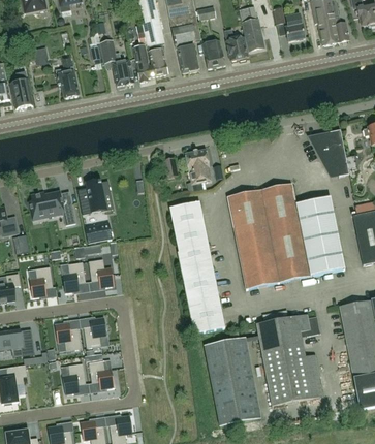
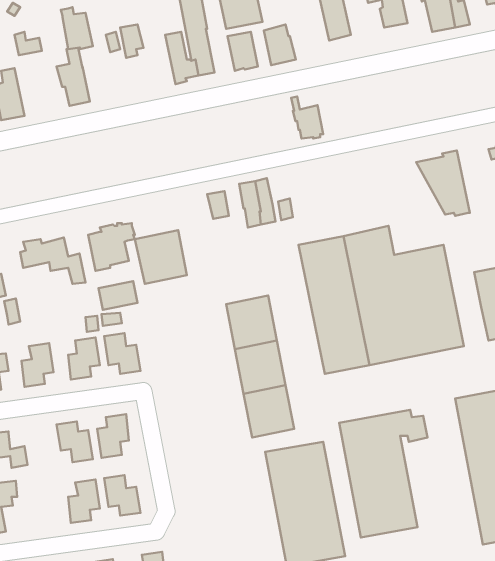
building: [224,30,247,60] -> [291,97,323,139]
building: [112,55,134,85] -> [61,7,93,49]
building: [168,200,206,239] -> [135,230,187,284]

